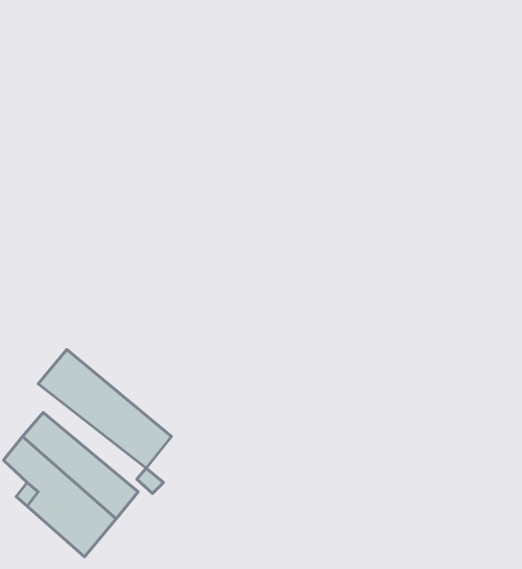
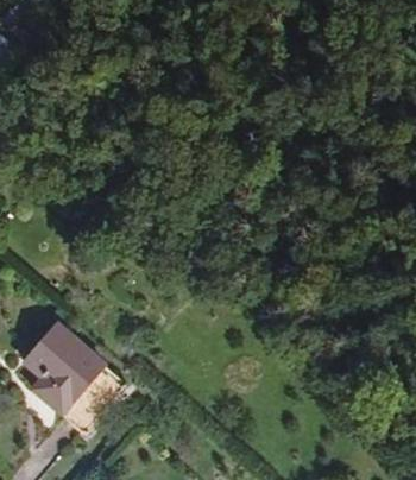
building: [38,350,172,468] -> none

